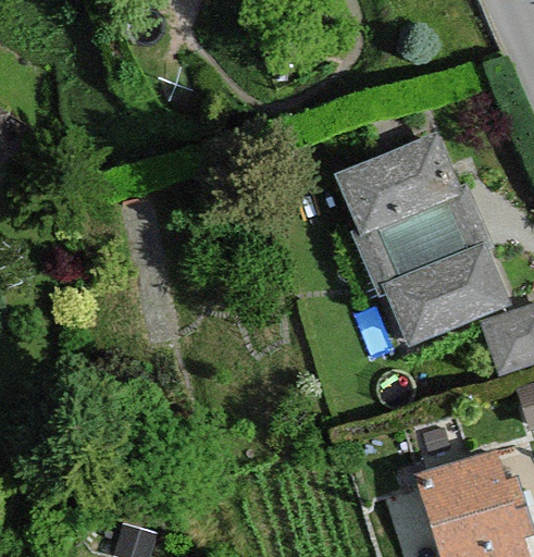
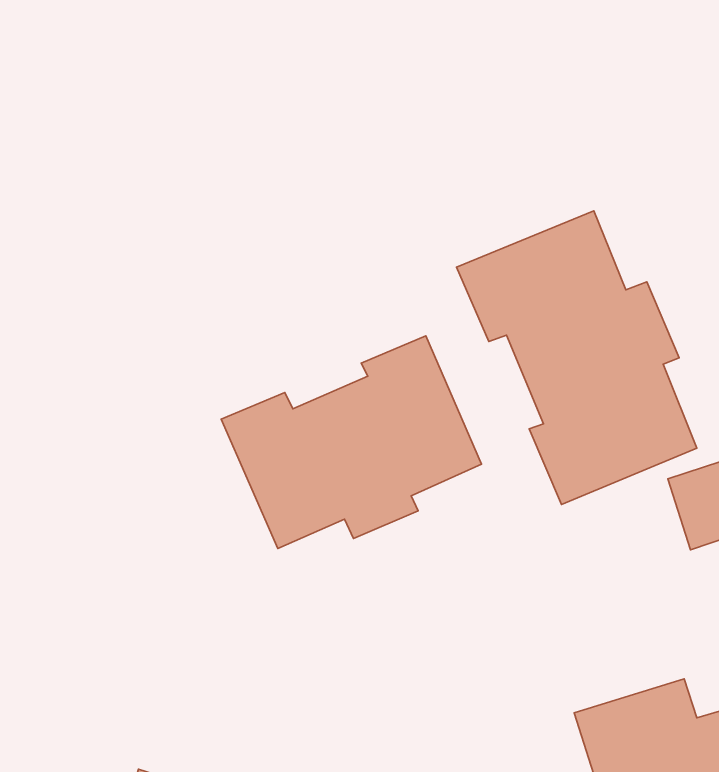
building: none -> [221,336,482,549]

